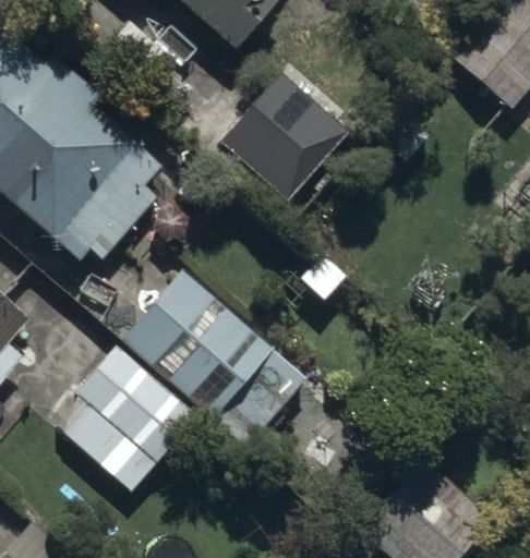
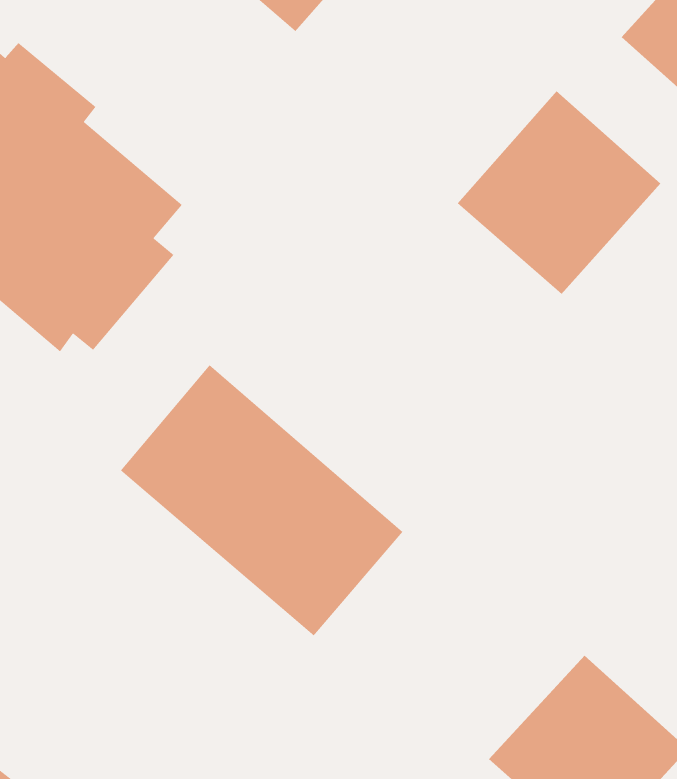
building: [220,65,354,199] -> [457,91,661,295]
building: [45,345,195,492] -> none

